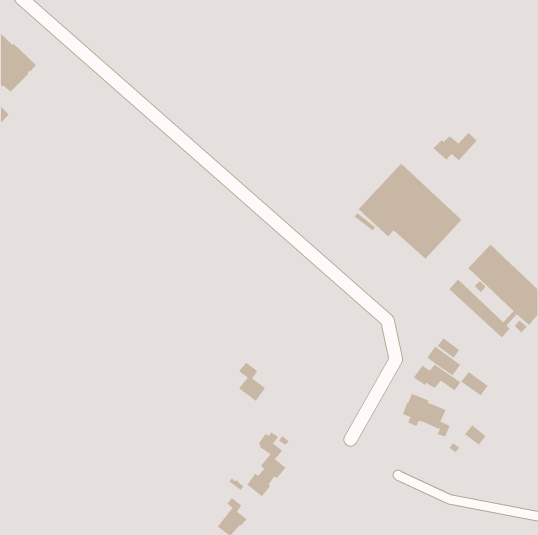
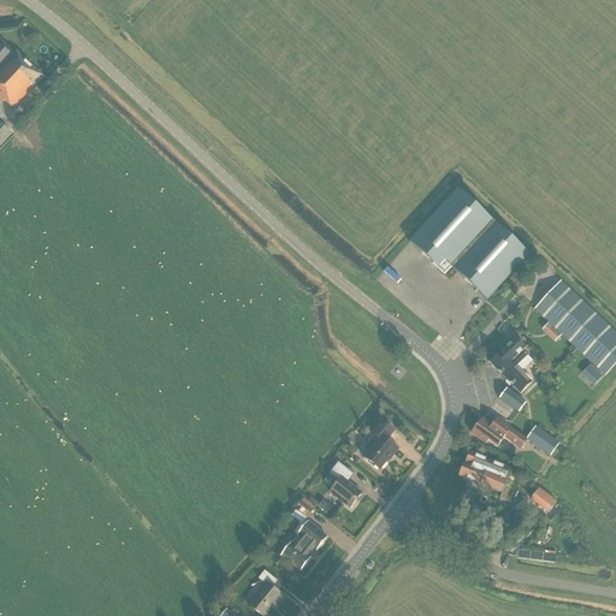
building: [432,132,478,161] -> none
building: none -> [490,336,533,392]
building: [238,362,266,402] -> [330,461,361,507]
building: none -> [362,419,398,468]

